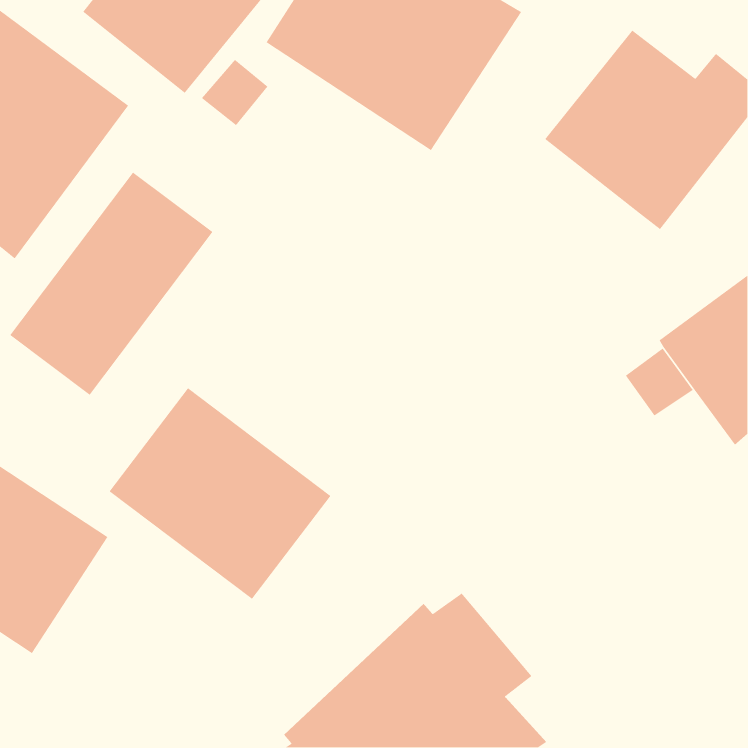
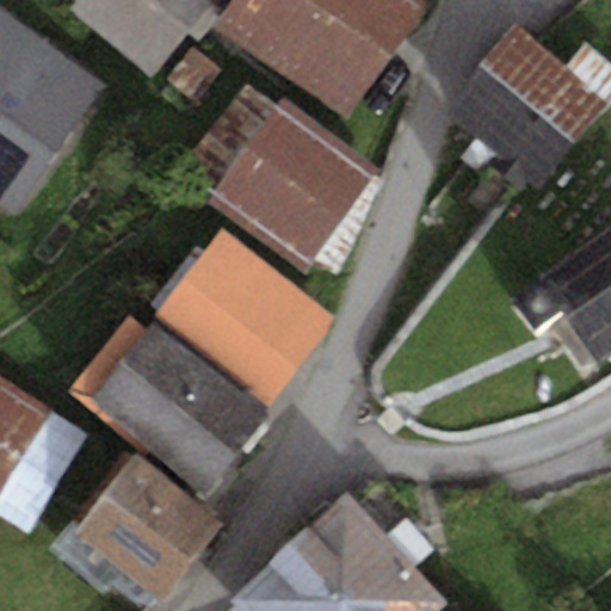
building: none -> [175,81,382,273]
building: [9,171,214,396] -> none
building: none -> [153,230,333,403]
building: none -> [73,455,222,601]

